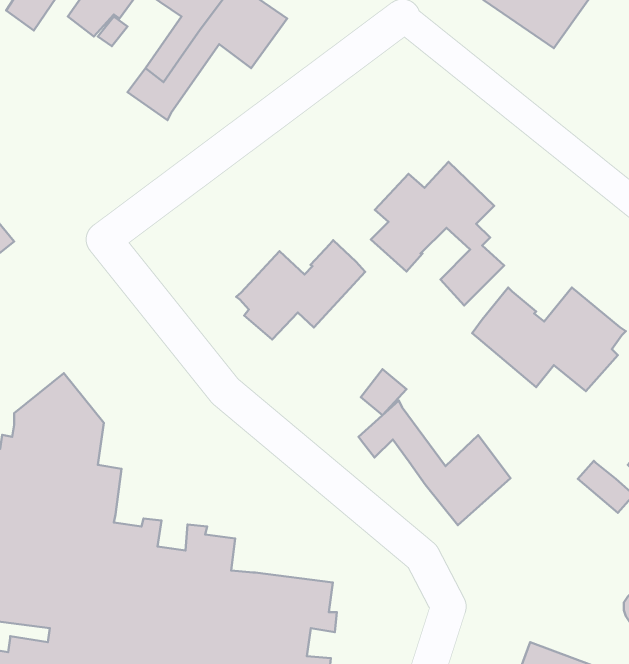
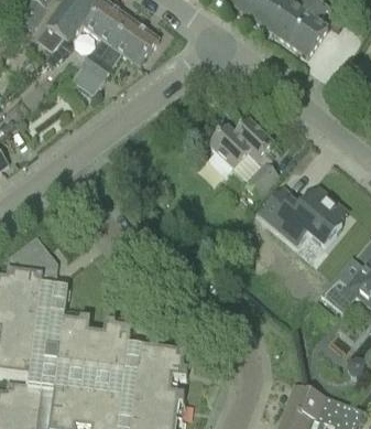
building: [236,240,365,340] -> none
building: [358,400,511,525] -> none

